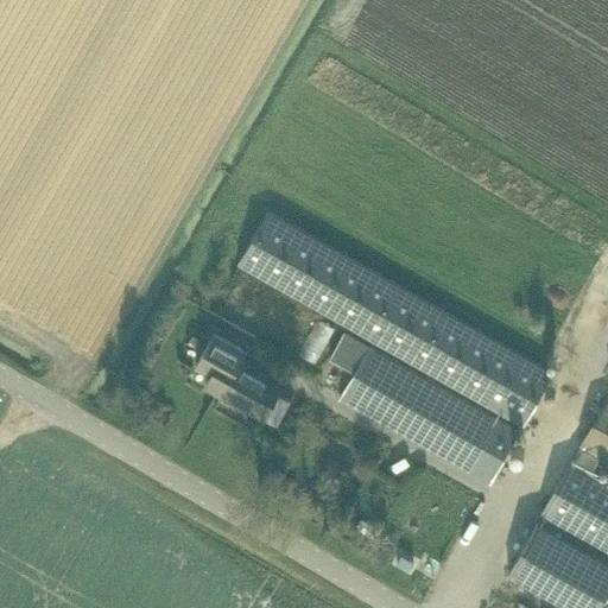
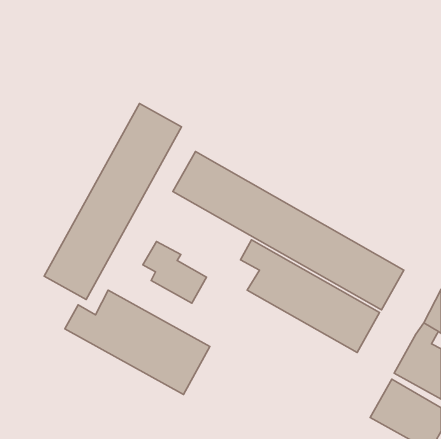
building: none -> [44,103,182,300]
building: none -> [65,290,210,394]

